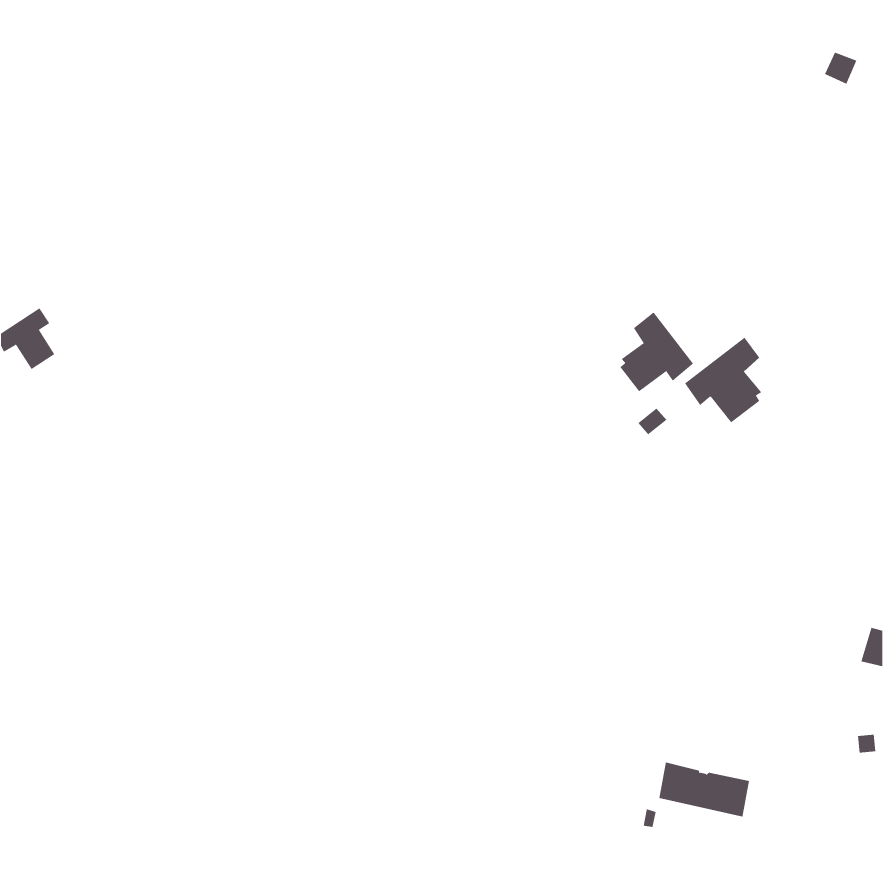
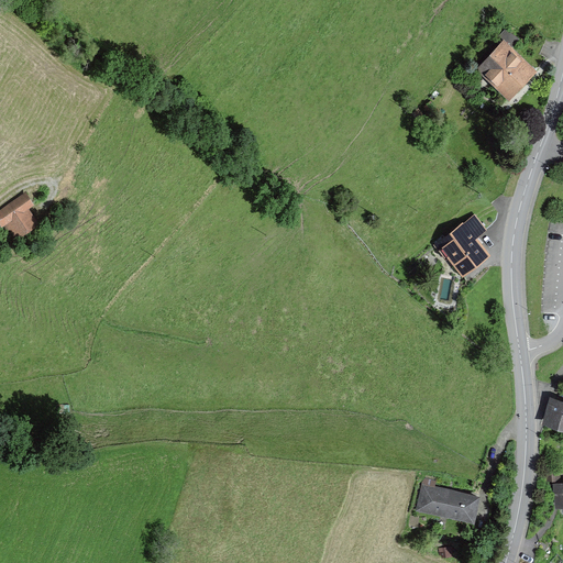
building: none -> [481,25,528,96]
building: [620,311,694,392] -> none

